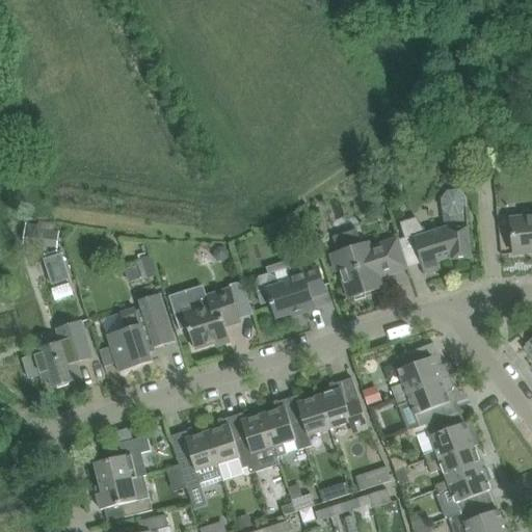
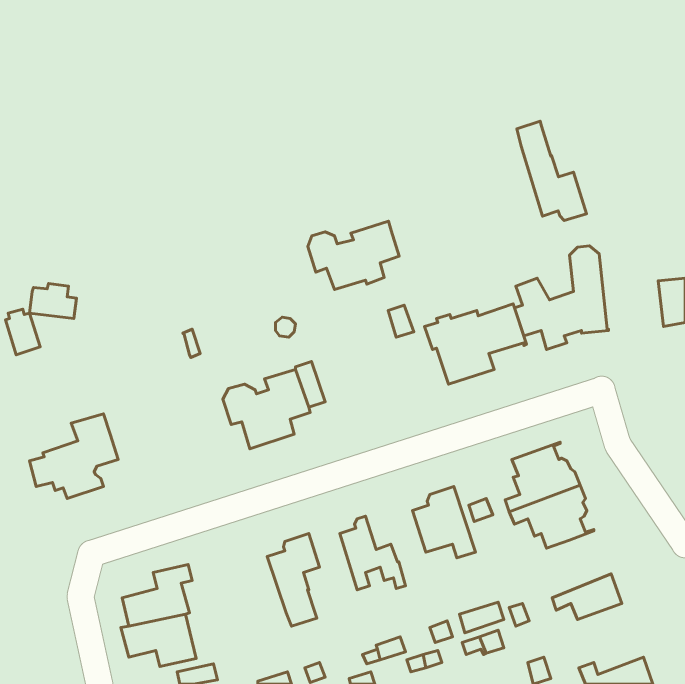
building: none -> [517,121,586,221]
building: [43,249,70,285] -> [5,309,40,355]
building: [255,264,325,317] -> [308,221,399,290]
building: [106,293,174,371] -> none
building: [283,393,329,434] -> none
building: [235,411,280,475] -> none
building: [414,418,473,462] -> none
building: [169,429,221,486] -> none
building: [435,467,490,508] -> none

